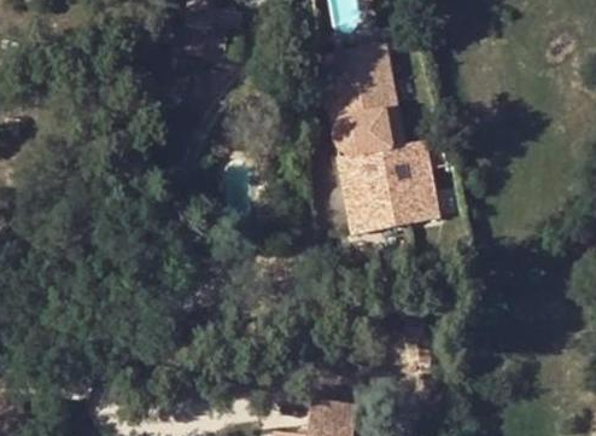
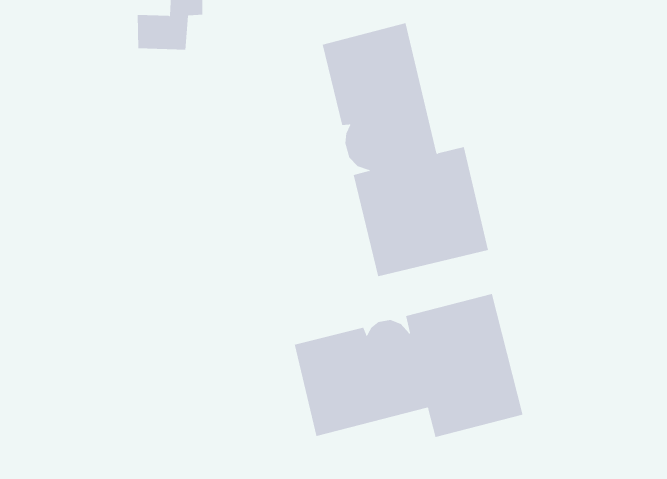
building: none -> [294,293,523,438]

